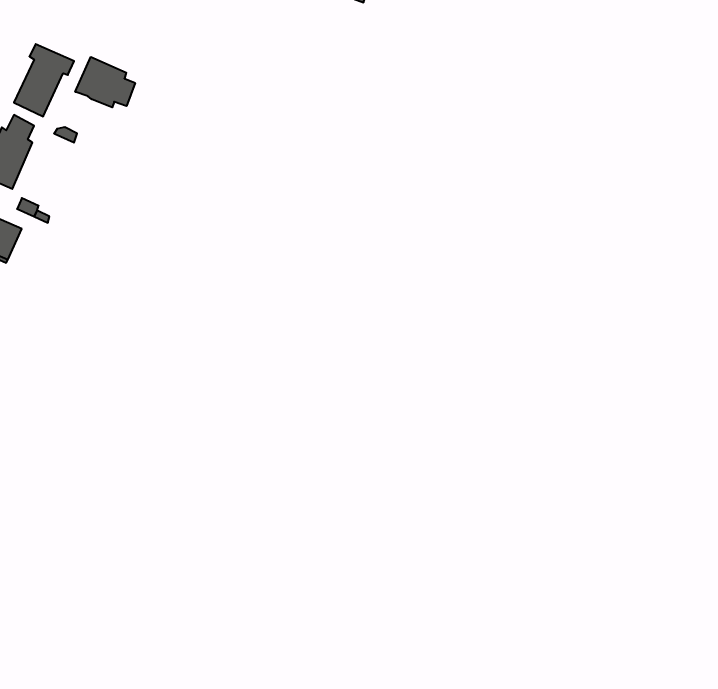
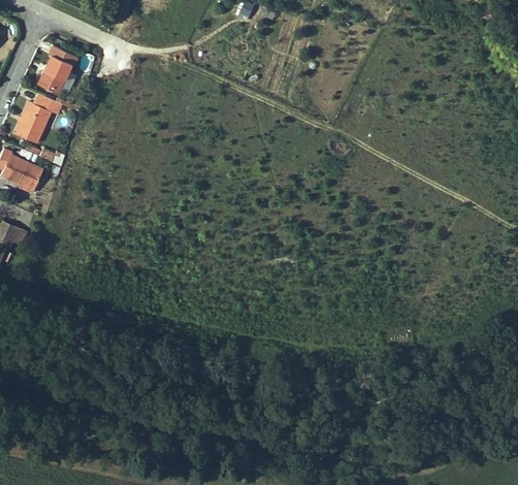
building: [75,57,135,107] -> none

